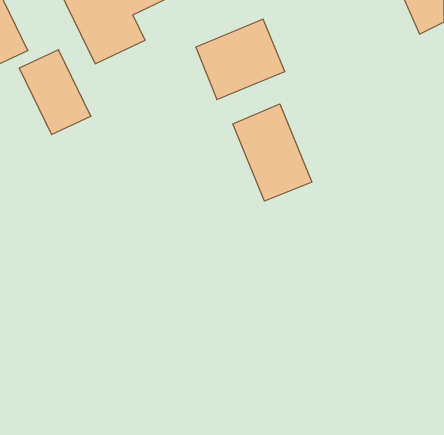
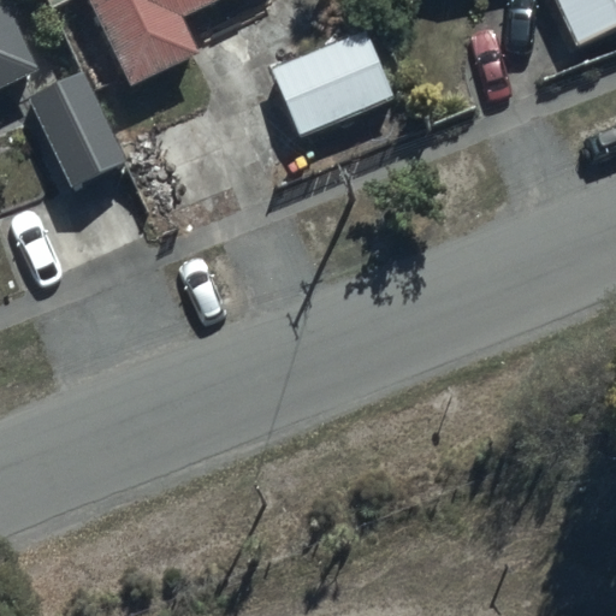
building: [233,104,312,201] -> none

